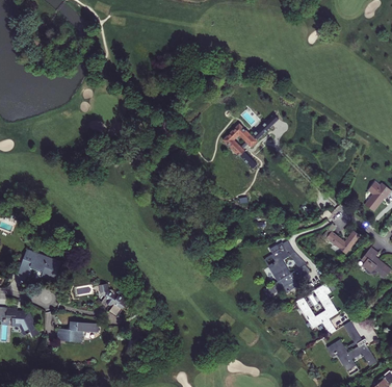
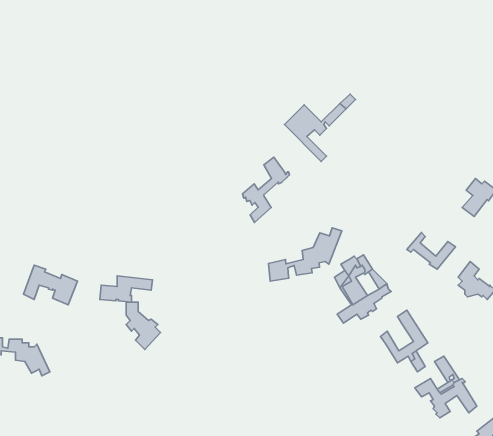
building: none -> [243,157,289,223]
building: none -> [269,228,342,281]
building: [57,321,99,342] -> [100,276,153,302]

